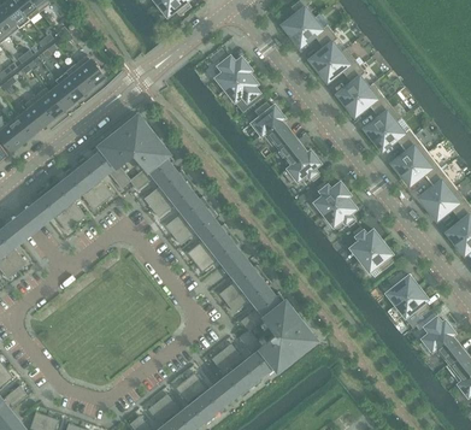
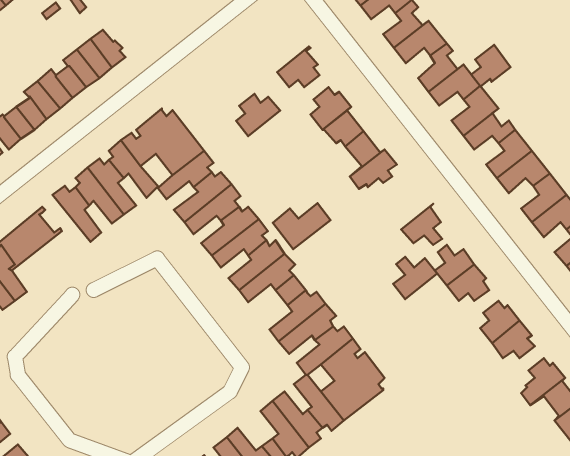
building: [214,55,249,89] -> [236,94,280,136]
building: none -> [471,45,511,86]
building: [313,181,348,214] -> [393,257,437,299]
building: [35,187,76,231] -> none
building: none -> [273,203,331,249]

